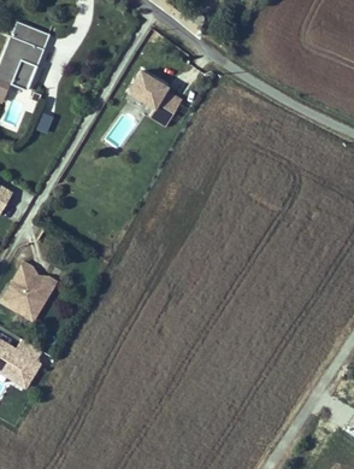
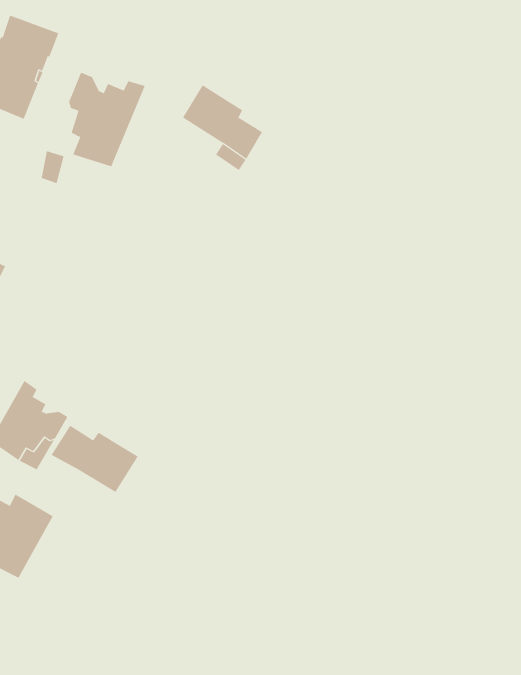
building: none -> [69,72,145,167]
building: none -> [51,425,138,493]

